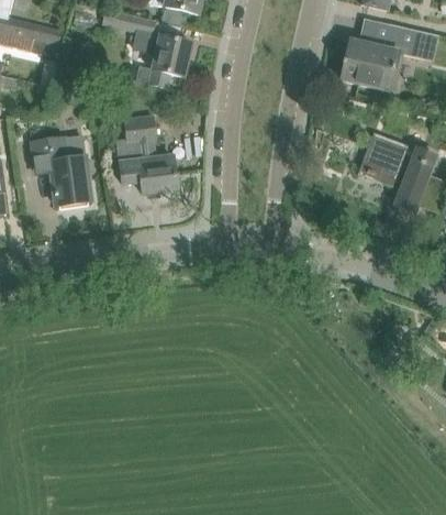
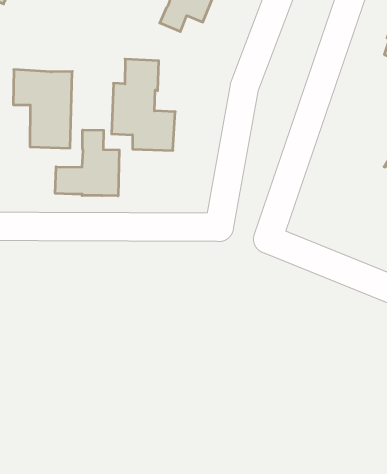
building: none -> [55,130,119,196]

